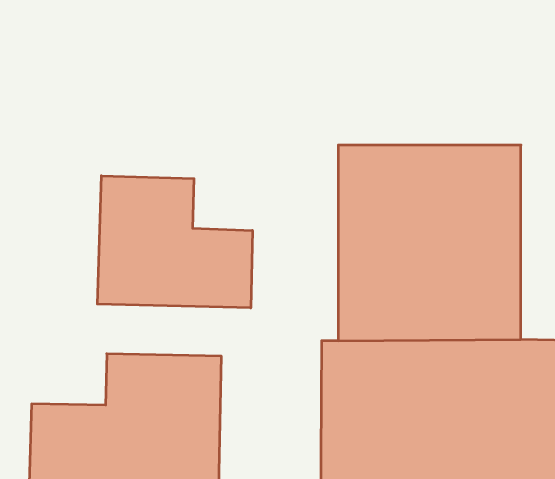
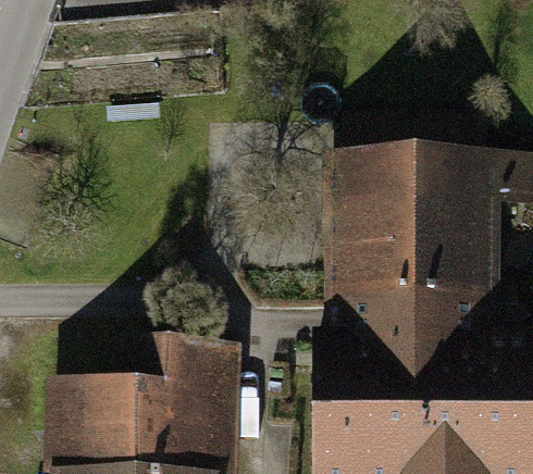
building: [97,176,252,308] -> none

